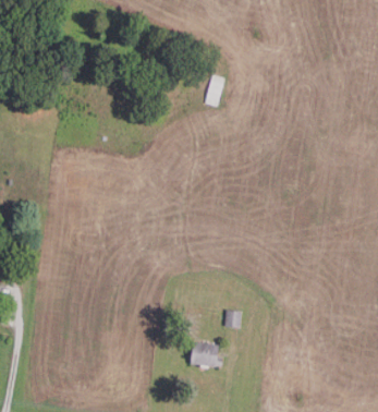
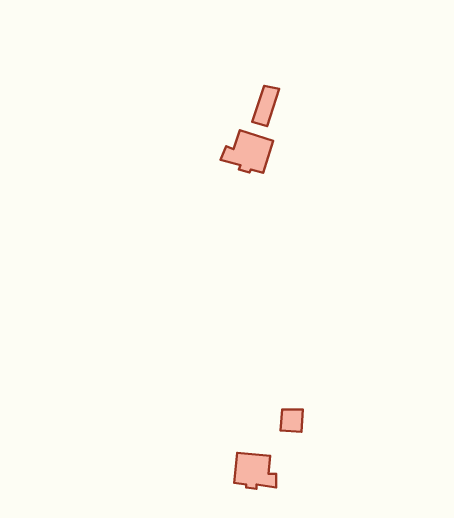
building: none -> [220,130,273,173]

